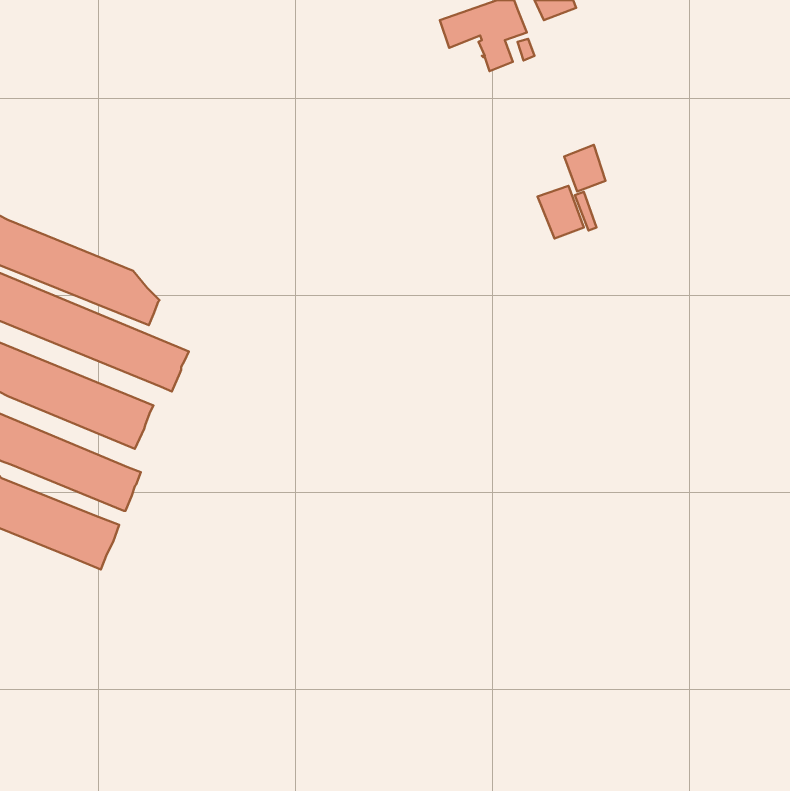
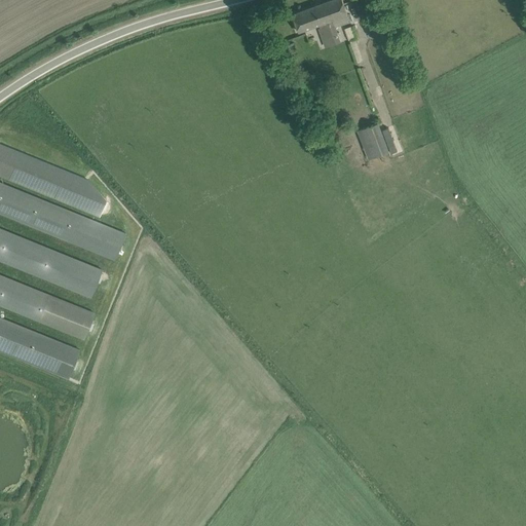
building: [564,145,606,191] -> none

